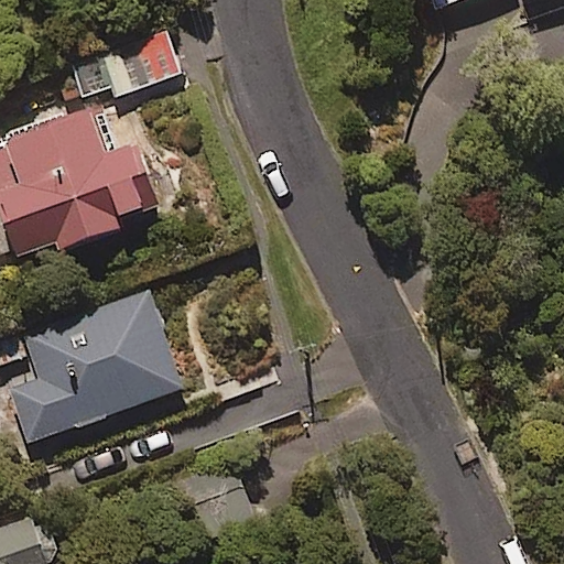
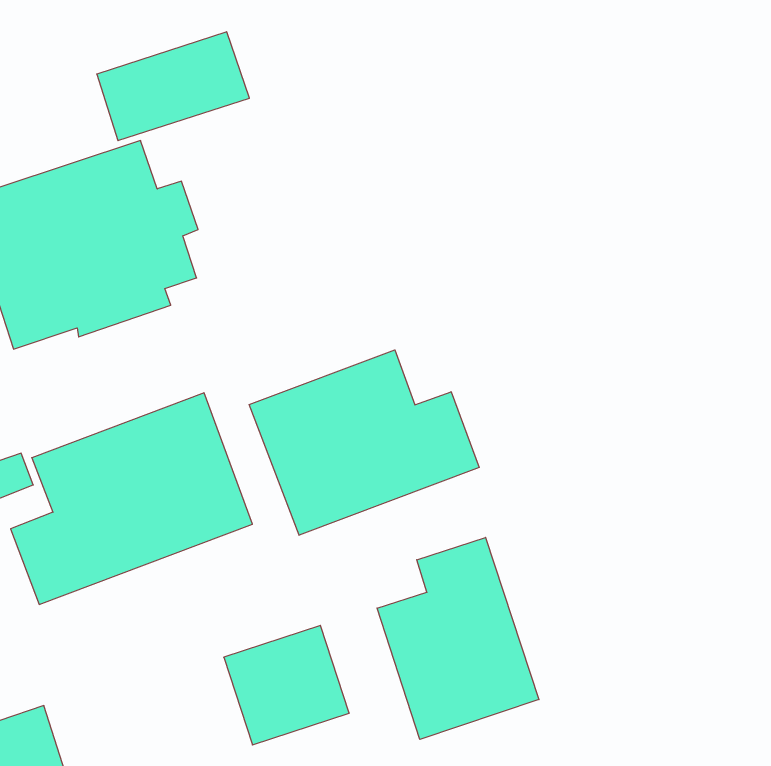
building: none -> [249,350,479,535]
building: none -> [377,537,539,739]

